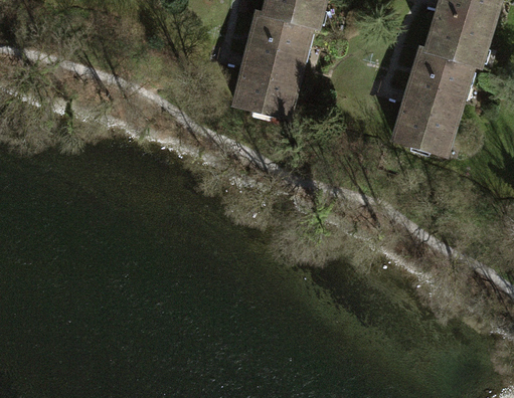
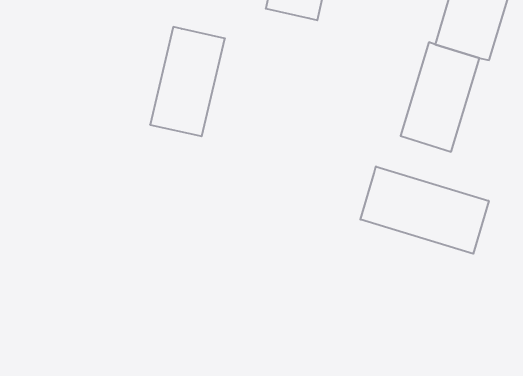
building: [235,14,307,119] -> [150,27,225,136]
building: none -> [360,166,489,254]

